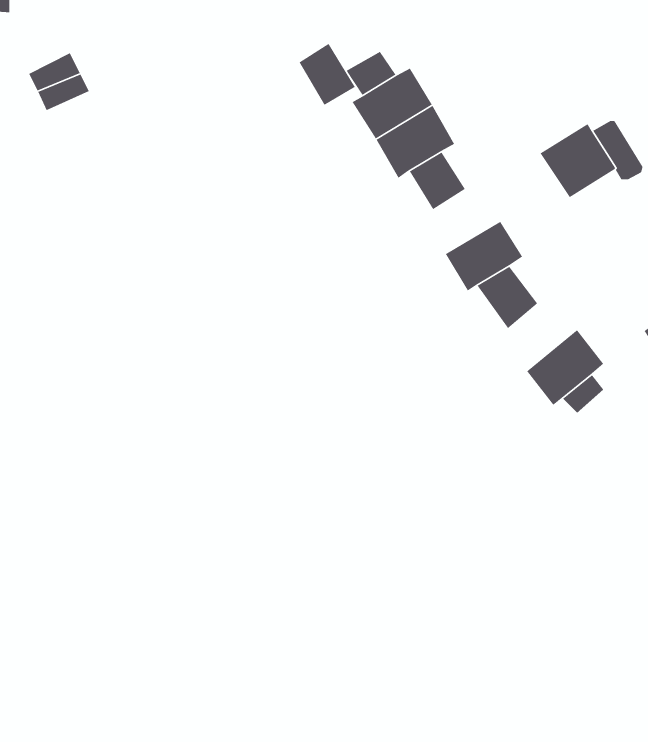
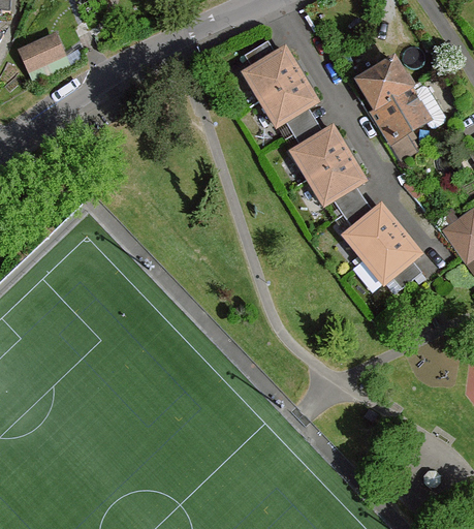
building: [298,43,356,106] -> none
building: none -> [356,58,408,107]
building: none -> [291,128,346,177]
building: none -> [344,205,399,257]

